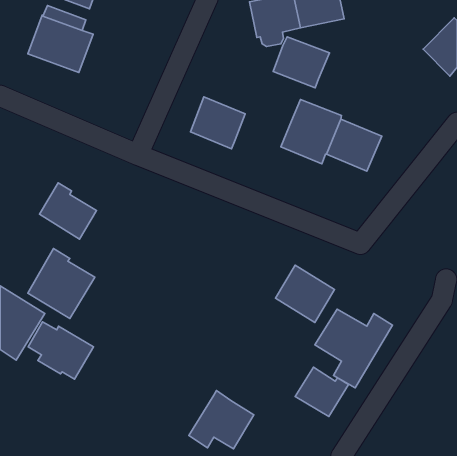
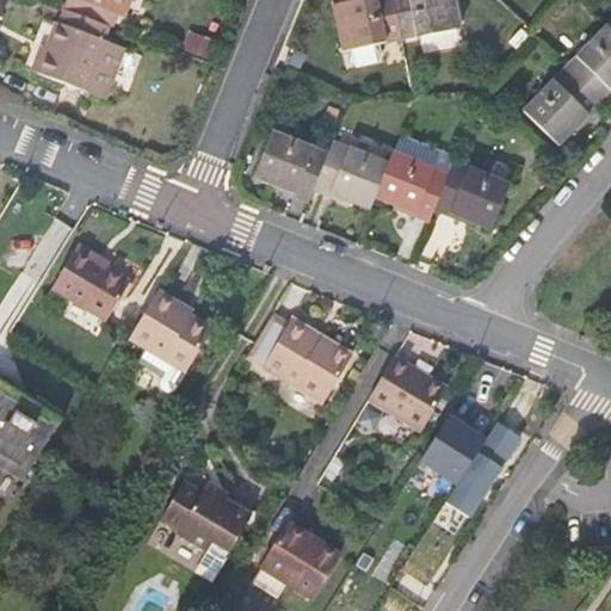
building: [273,37,329,88] -> [314,140,389,208]
building: none -> [523,66,600,143]
building: none -> [246,311,352,402]
building: [28,249,95,318] -> [122,290,211,383]
building: [28,322,93,379] -> [163,480,251,556]
building: [295,367,349,417] -> none

